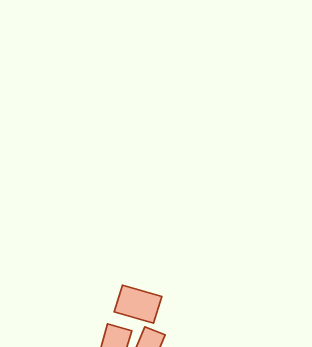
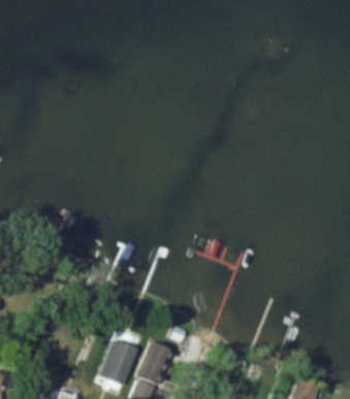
building: [114,285,162,323] -> none

